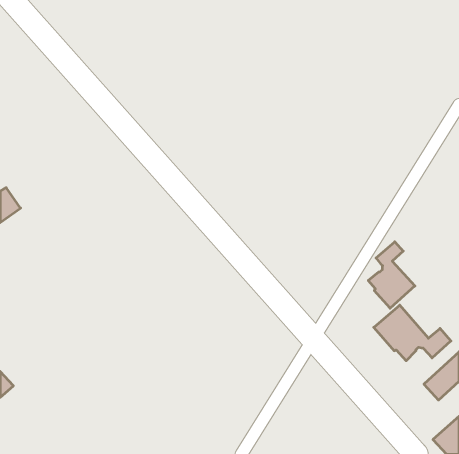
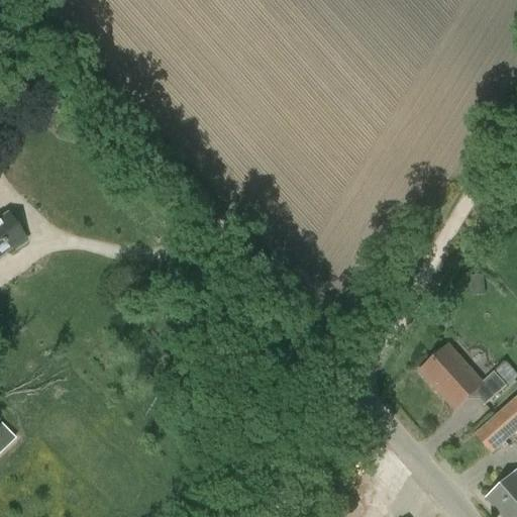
building: [368,242,415,308] -> none

